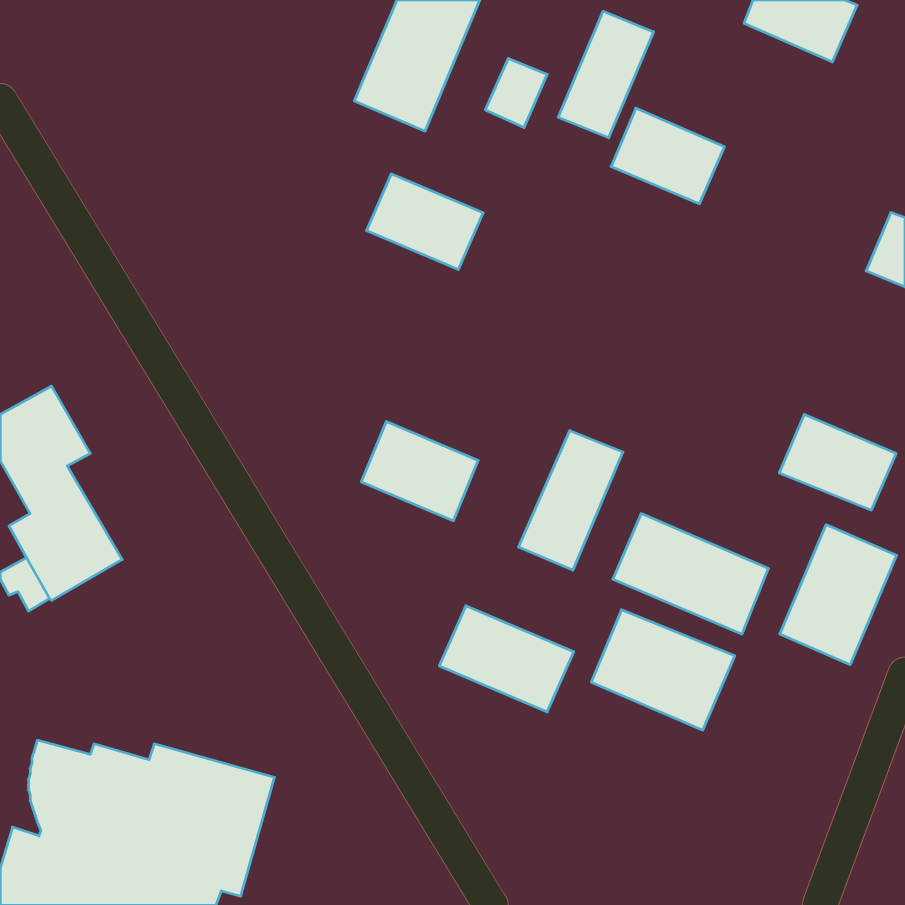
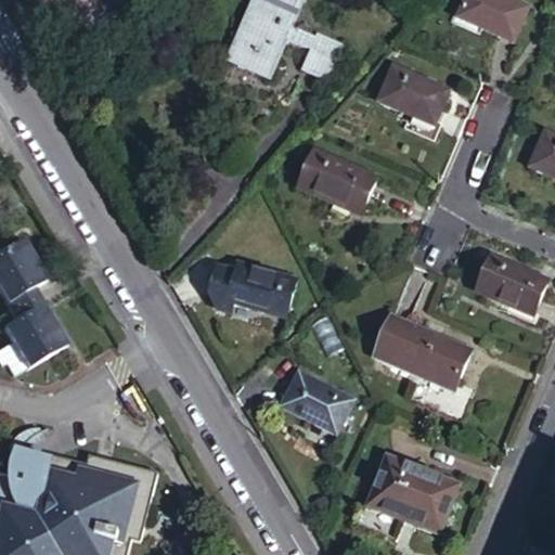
building: [558,11,654,138] -> none
building: [366,174,483,270] -> [294,150,365,208]
building: [519,430,623,570] -> none
building: [780,525,897,665] -> none
building: [591,610,735,730] -> [369,459,456,532]

